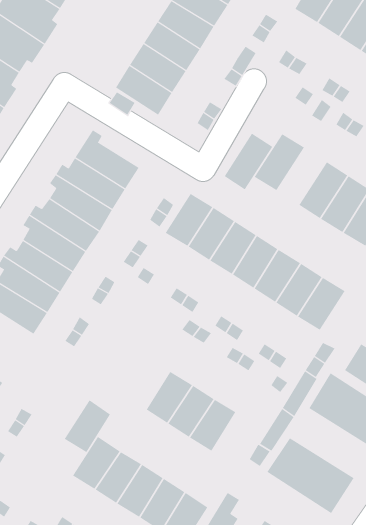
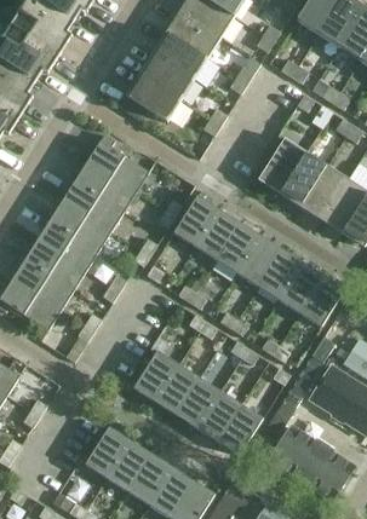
building: [224,133,273,190] -> [280,151,327,206]
building: [64,399,111,453] -> [133,350,178,400]
building: none -> [218,403,263,455]

